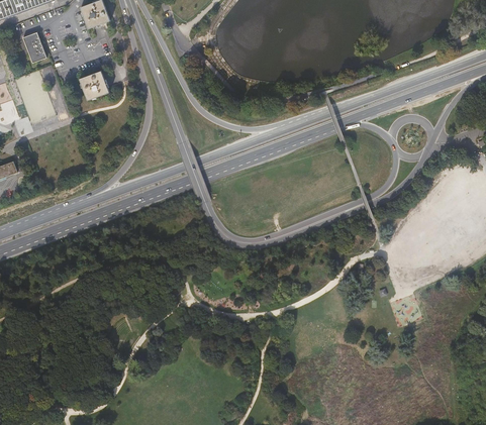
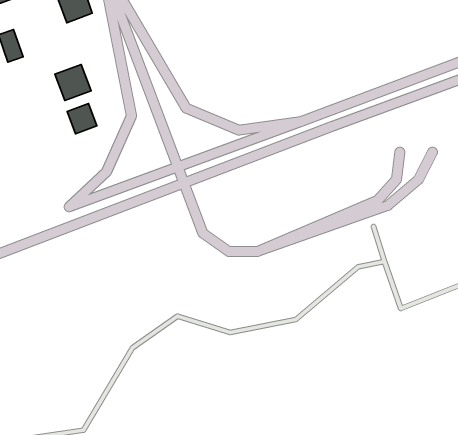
building: none -> [67,104,97,134]

